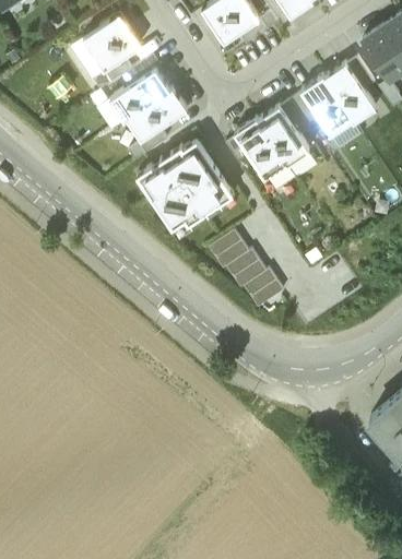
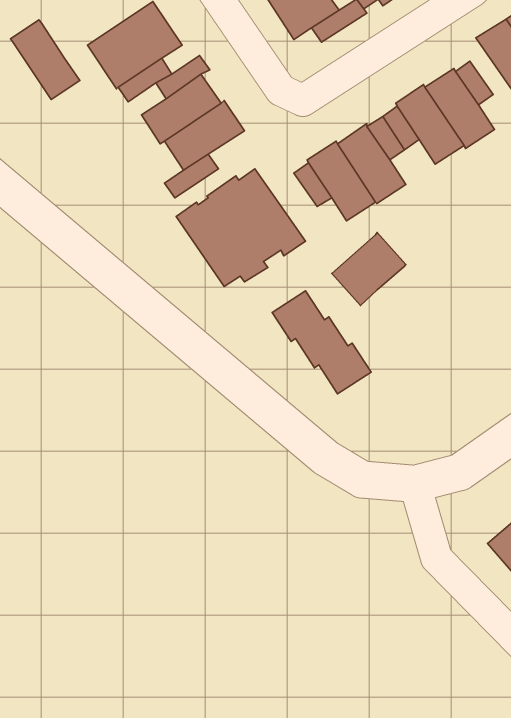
building: none -> [10,20,80,99]
building: none -> [332,233,406,305]

